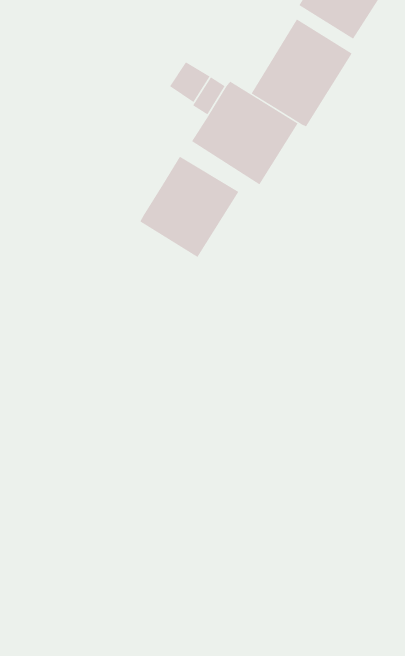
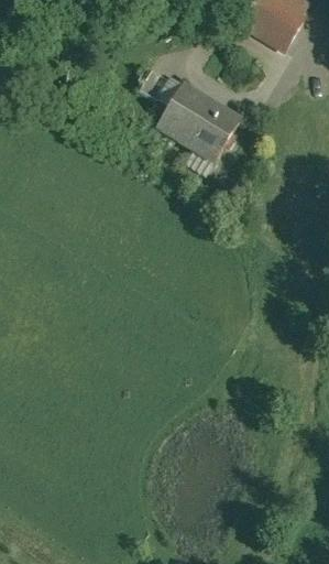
building: [251,18,352,127] -> none
building: [140,156,239,258] -> none

